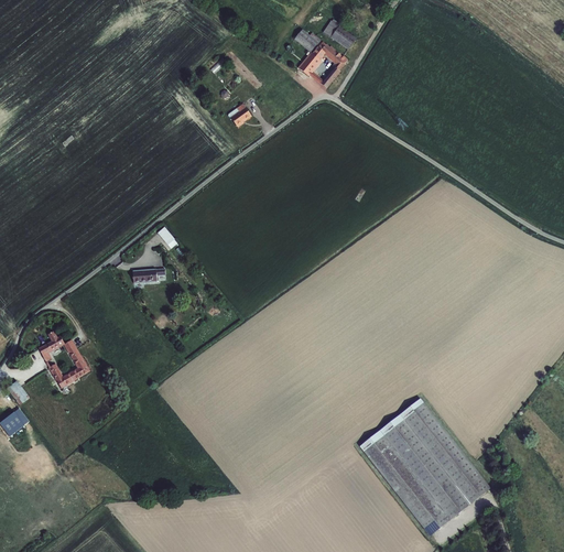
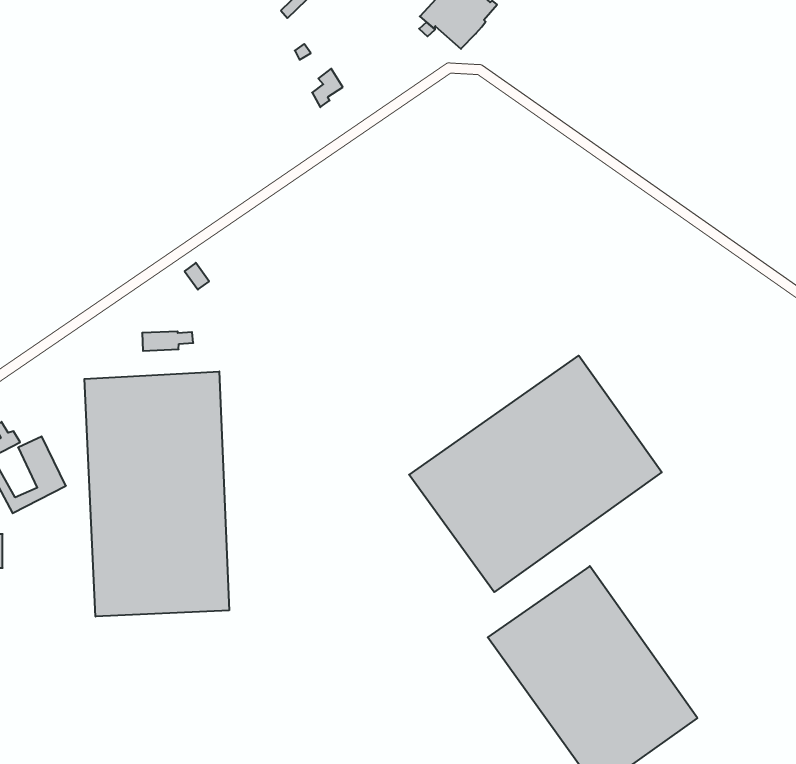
building: none -> [409,356,662,592]
building: none -> [84,371,229,617]

